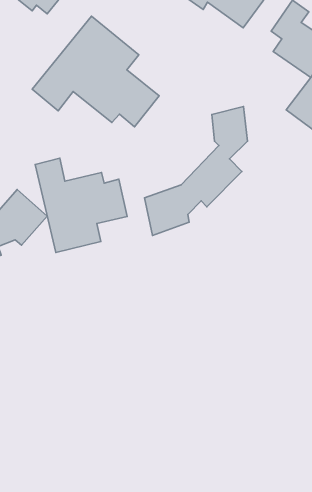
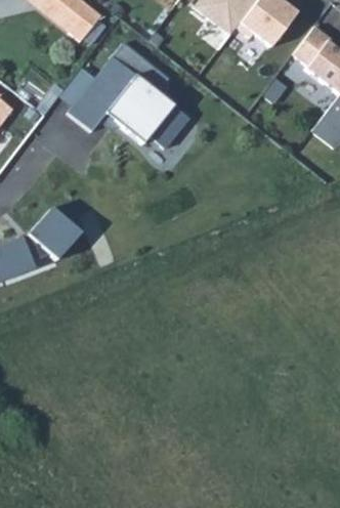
building: [145,107,248,235] -> none
building: [35,158,127,253] -> none

